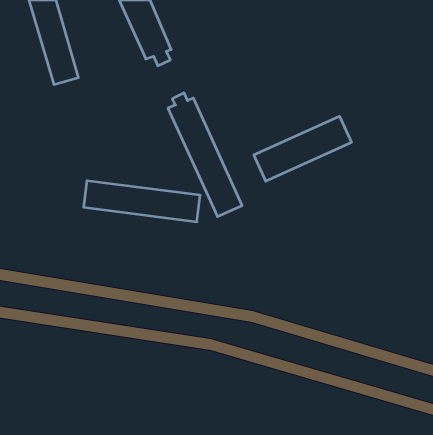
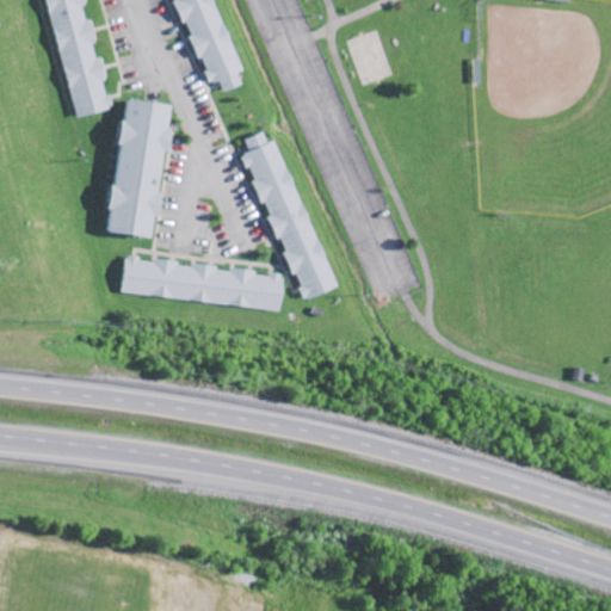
building: none -> [110,95,169,236]
building: [254,116,351,181] -> none

